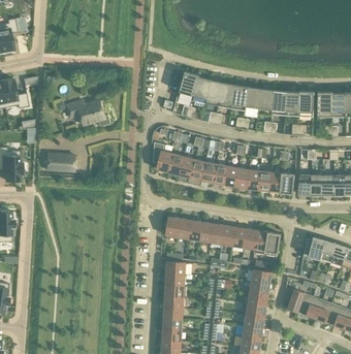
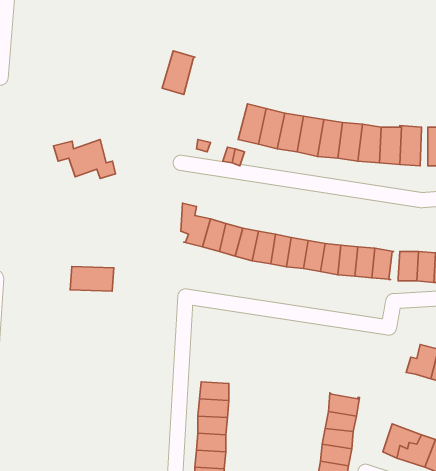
building: [177,71,198,100] -> [162,51,195,94]
building: [46,154,75,170] -> [70,266,114,291]
building: [164,216,280,256] -> none

